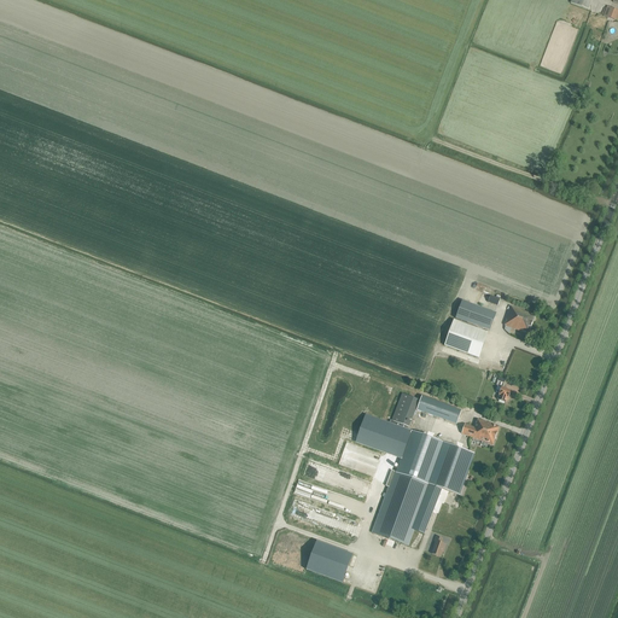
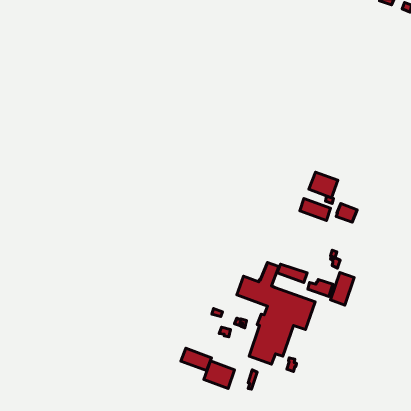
building: [443,317,486,356] -> [309,172,338,198]
building: none -> [331,272,354,305]
building: none -> [181,348,212,371]

